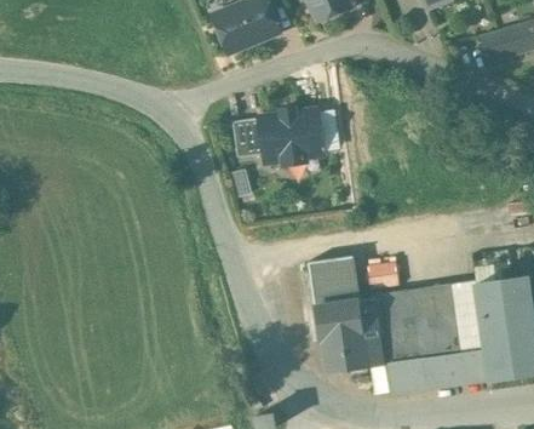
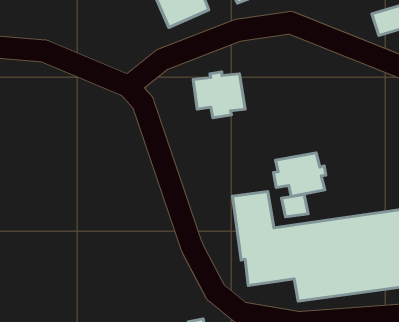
building: [232,118,264,158] -> none
building: none -> [273,153,326,197]

